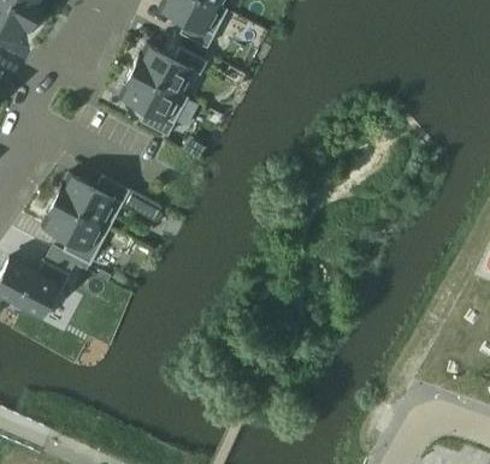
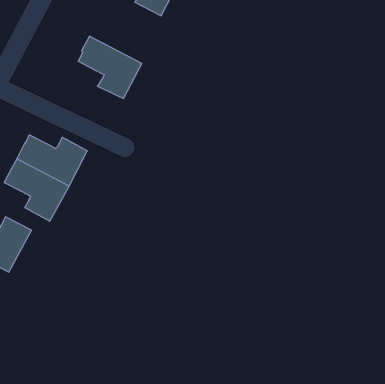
building: [131,44,206,99] -> none

